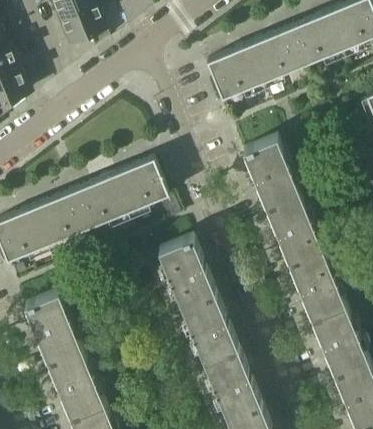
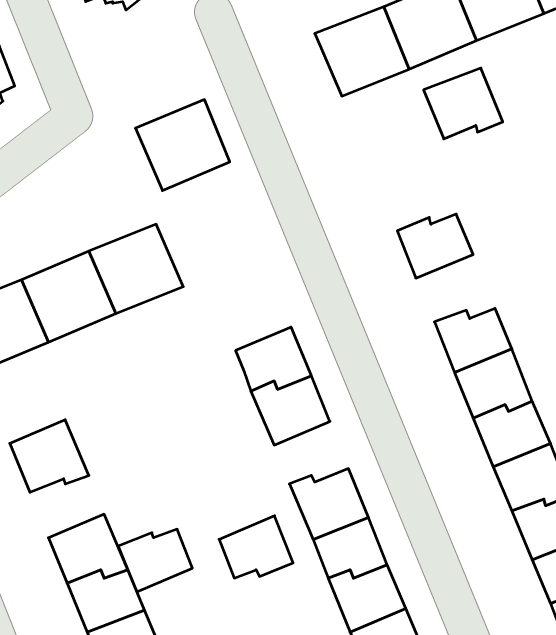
building: [241,138,288,180] -> [424,68,503,139]
building: [110,159,166,213] -> [135,100,230,191]
building: [264,194,311,234] -> none
building: [180,293,224,330] -> [219,516,293,578]
building: [35,325,79,362] -> [118,529,192,592]

